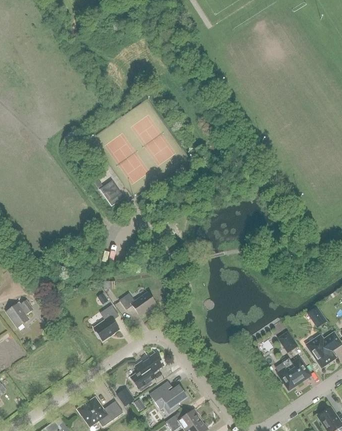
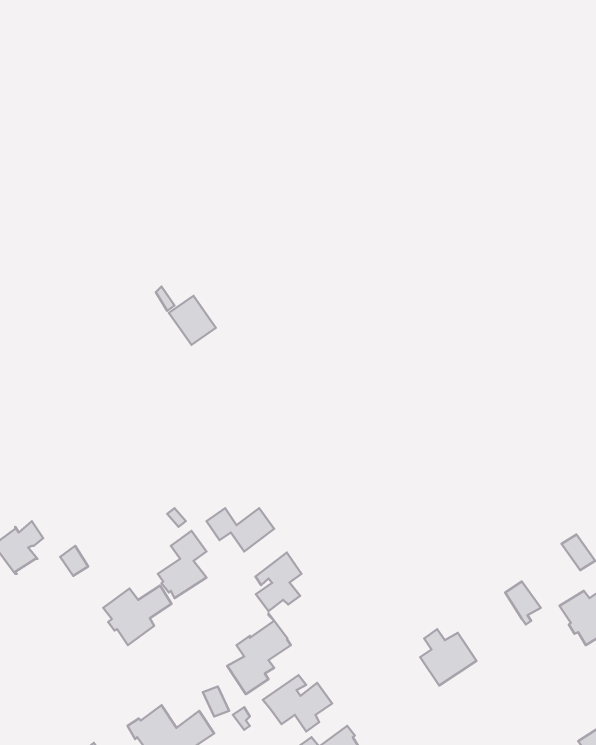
building: none -> [256,553,301,611]
building: none -> [103,586,172,645]
building: [279,357,309,387] -> [420,629,477,685]

